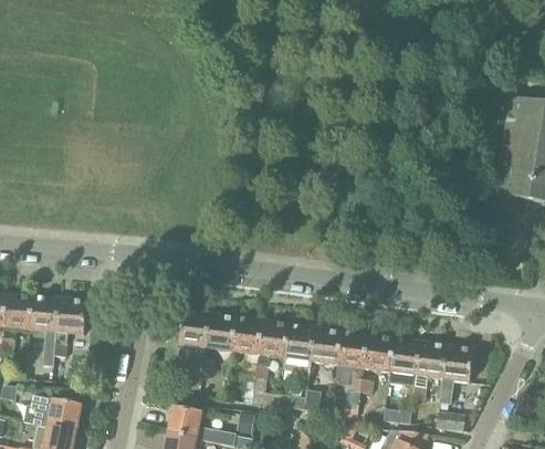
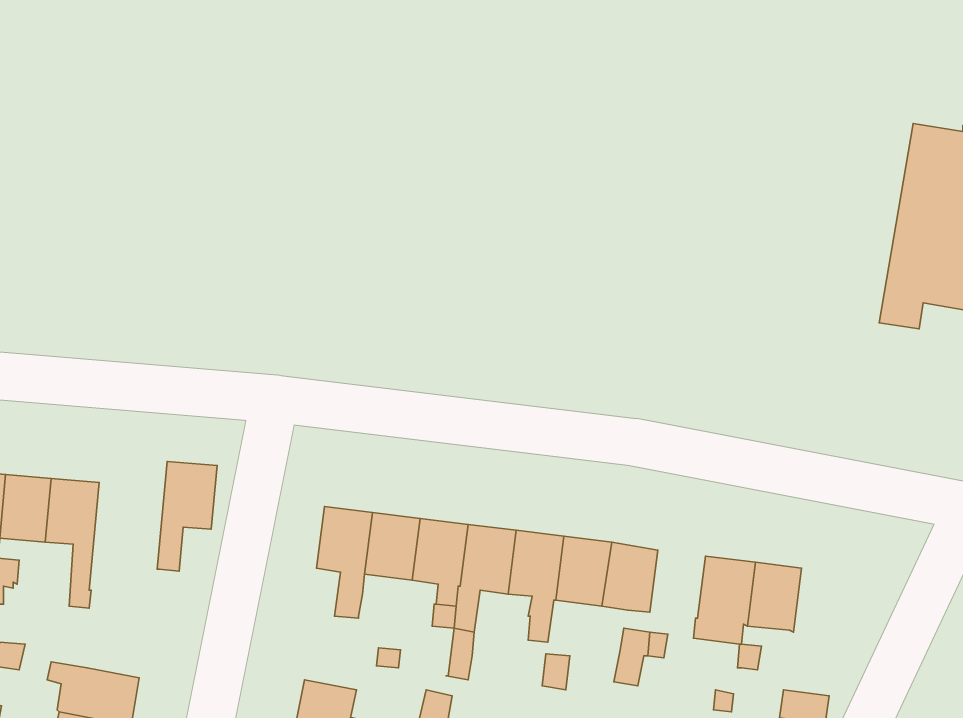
building: [53,297,86,358] -> [157,461,217,571]
building: [364,335,395,373] -> none
building: [439,345,474,405] -> none

